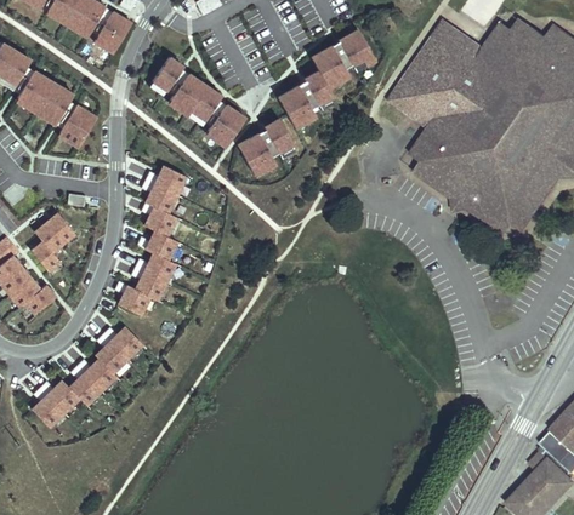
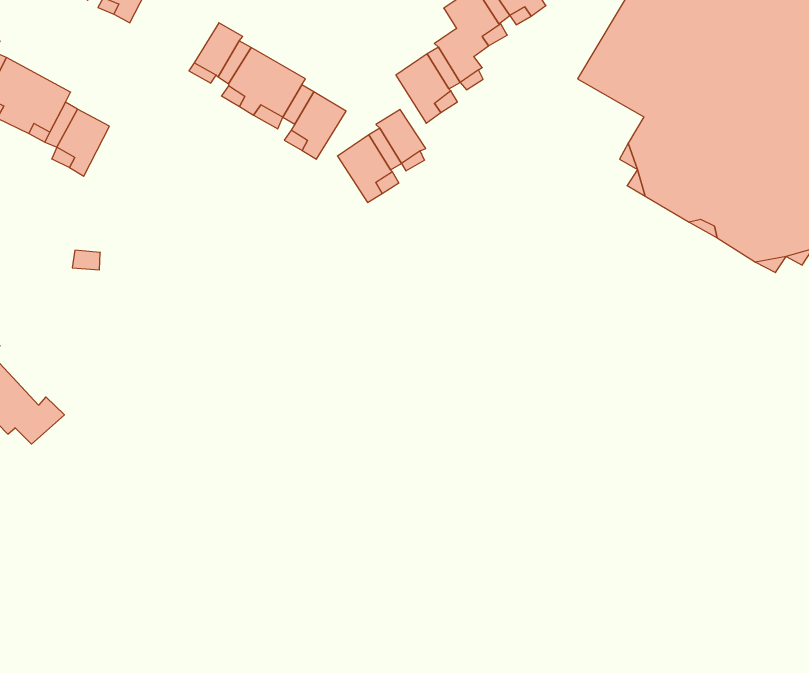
building: [114,164,186,314] -> none
building: [30,212,74,270] -> none
building: [32,325,142,433] -> none

